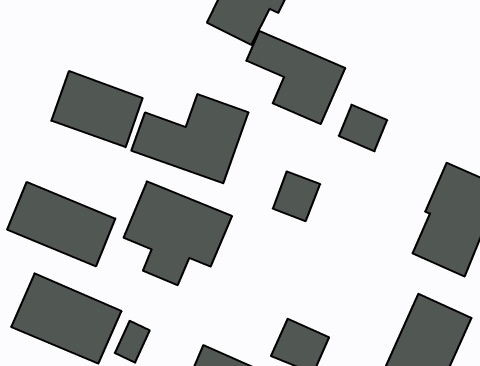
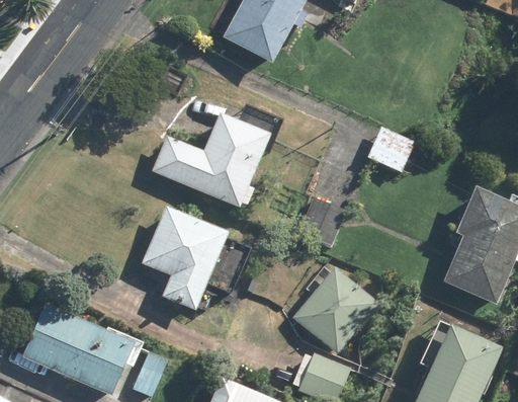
building: [246,31,345,124] -> none
building: [51,71,143,147] -> none
building: [7,182,115,266] -> none
building: none -> [290,265,376,352]

